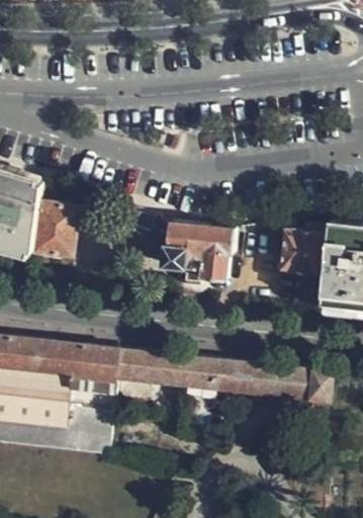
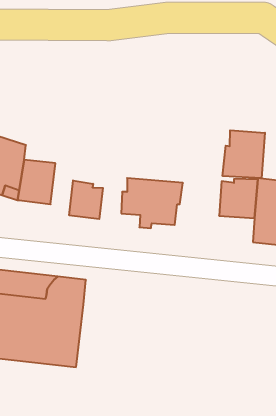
building: none -> [223,130,265,178]
building: none -> [69,180,103,219]
building: [112,349,330,401] -> none

